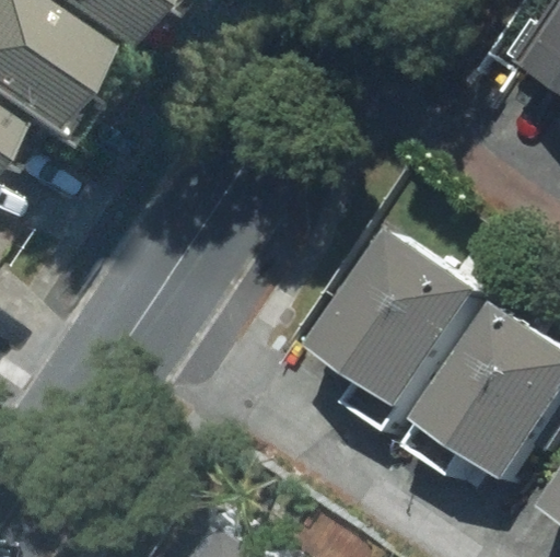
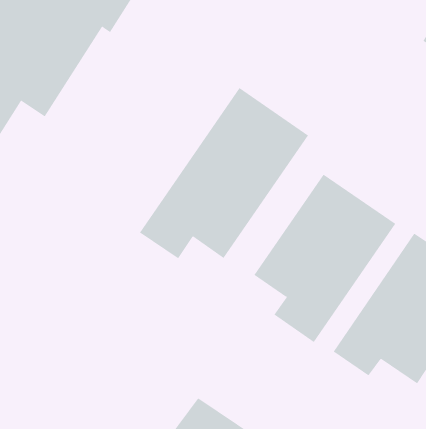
building: none -> [139,87,309,259]

